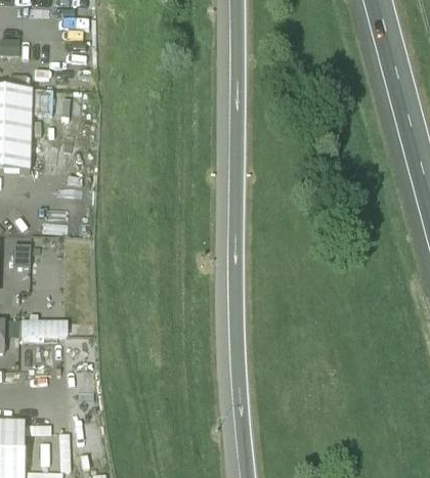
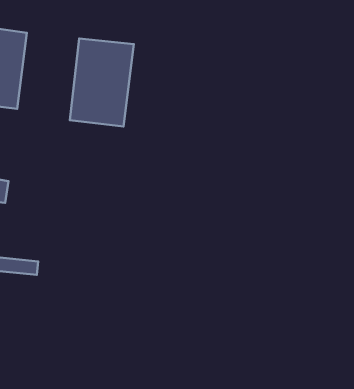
building: none -> [70,39,134,127]

